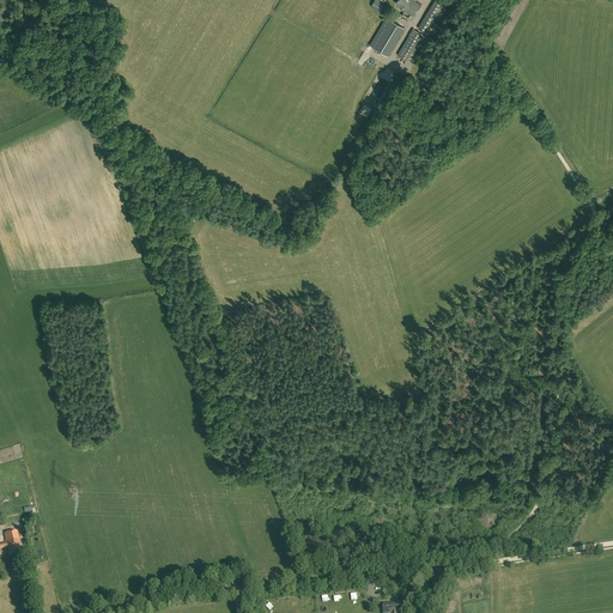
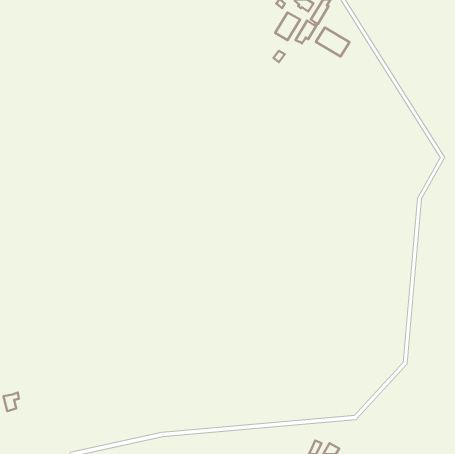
building: none -> [316,27,350,56]

